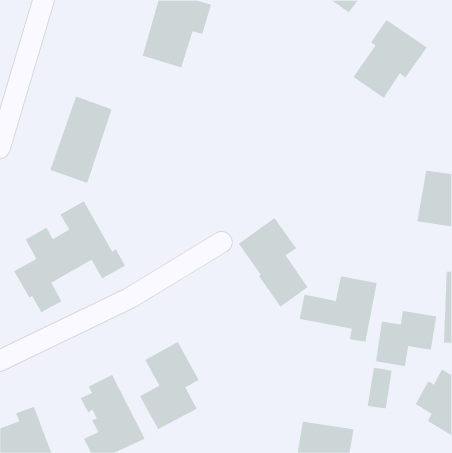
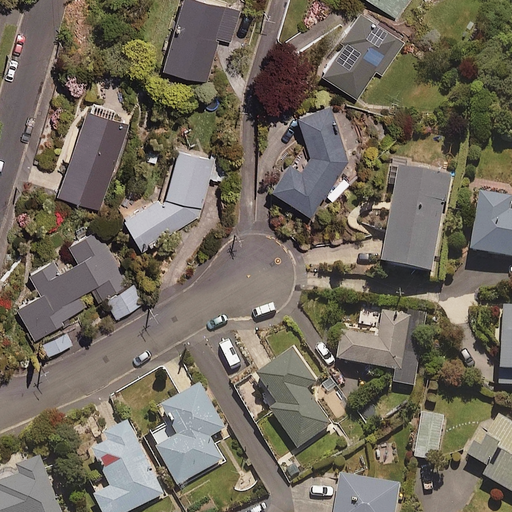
building: [352,19,428,99] -> [320,6,405,96]
building: none -> [270,101,346,211]
building: none -> [122,147,220,246]
building: none -> [384,167,452,271]
building: [238,217,309,308] -> [250,346,330,448]
building: [375,310,437,367] -> none

